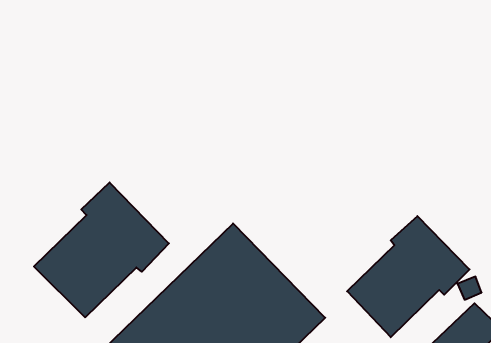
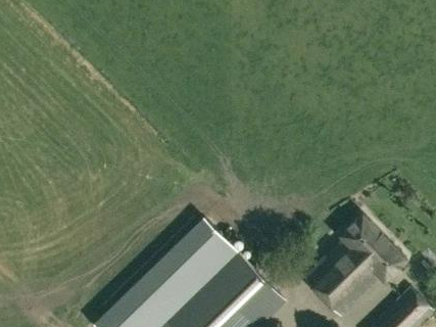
building: [34,182,169,317] -> none

